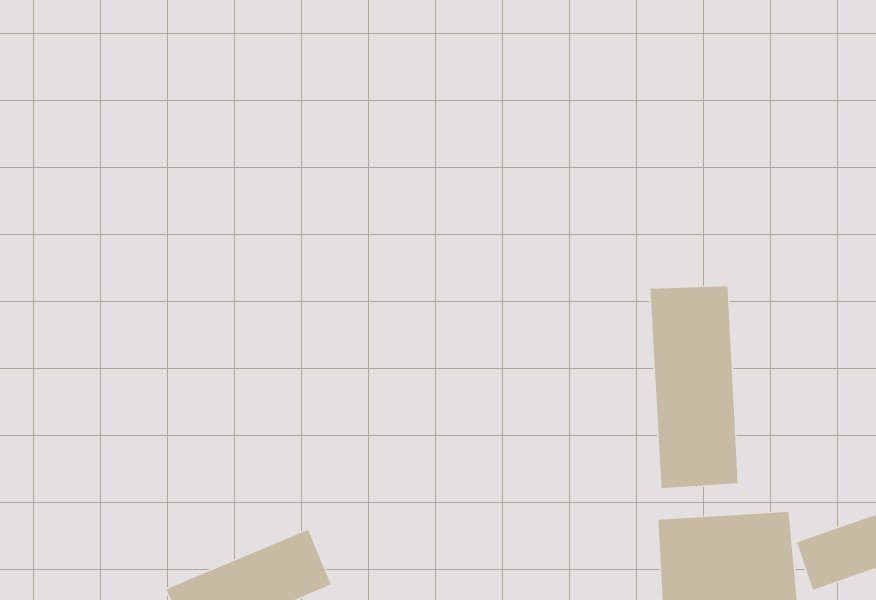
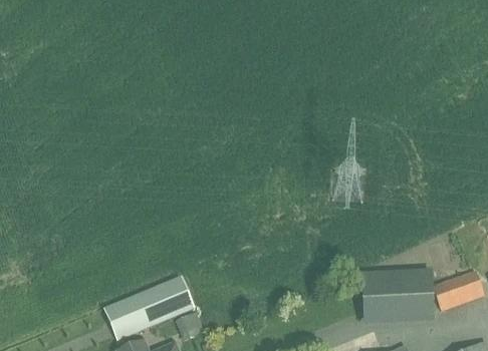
building: [649,286,739,489] -> none

